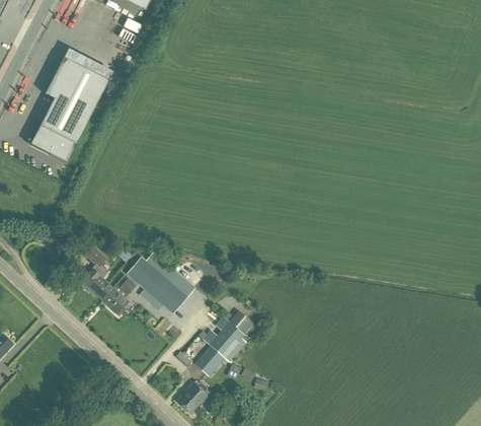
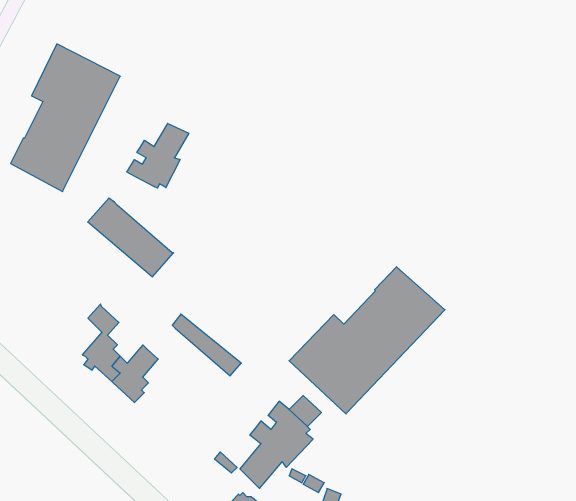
building: none -> [127,123,189,188]
building: none -> [289,267,445,414]
building: [127,256,188,312] -> [88,198,174,277]

